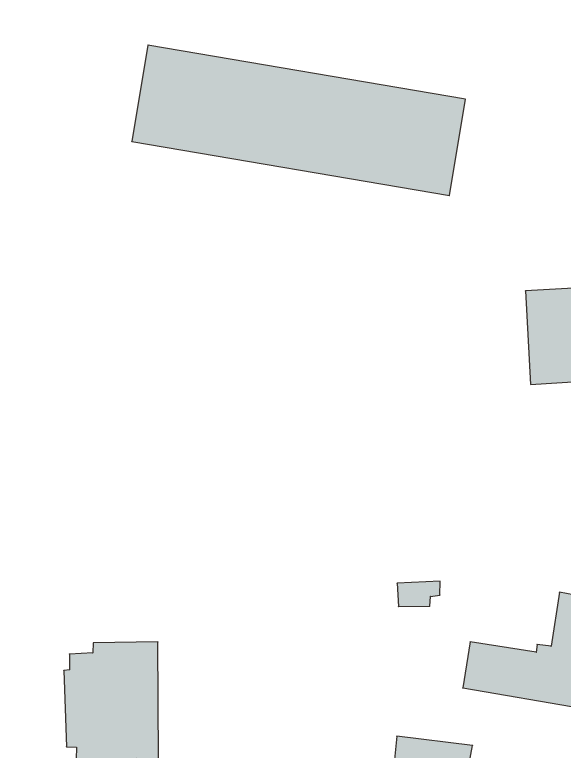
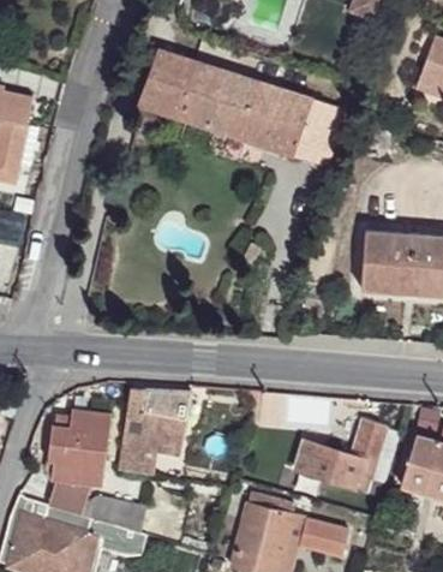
building: none -> [118,388,191,476]

